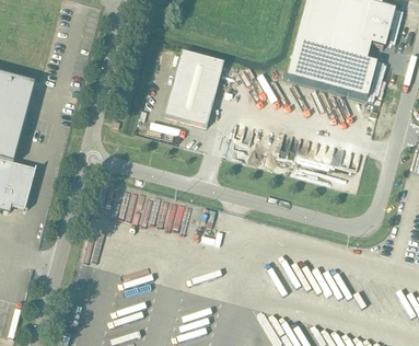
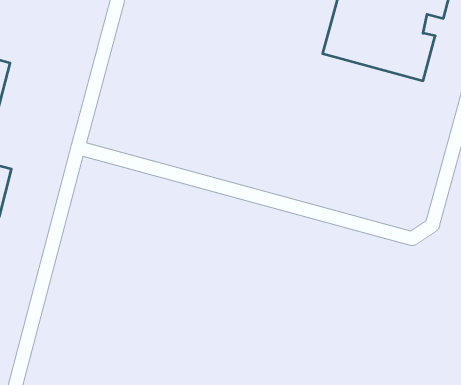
building: [164,50,223,125] -> none

